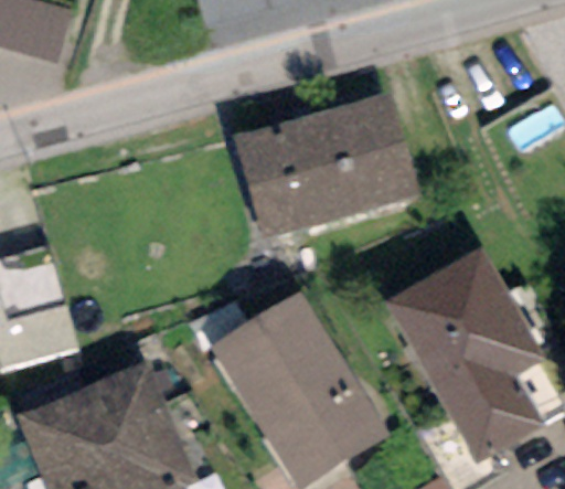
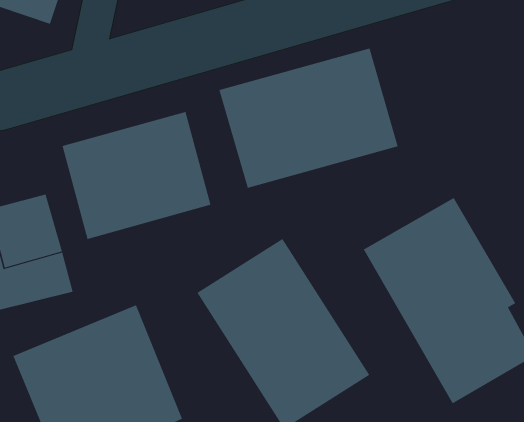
building: none -> [62,111,211,240]

